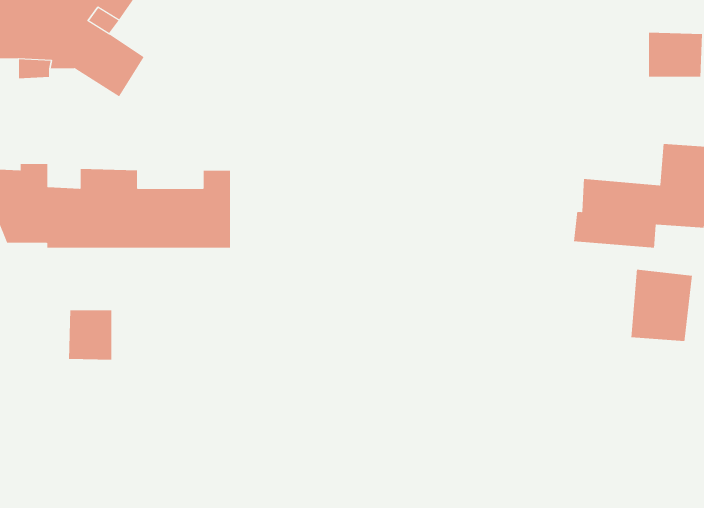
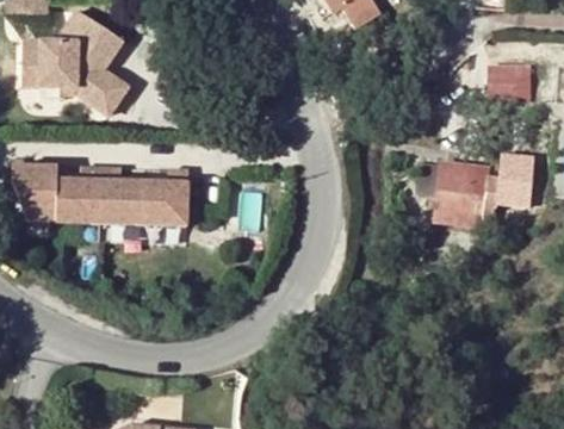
building: [631,269,692,342] -> none
building: [68,310,112,361] -> none

